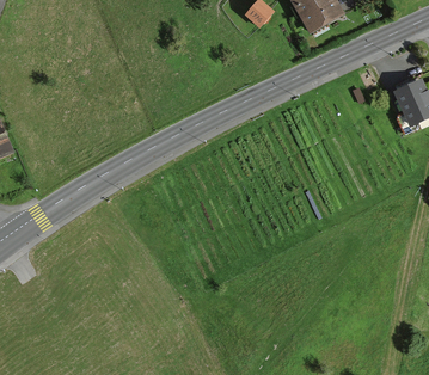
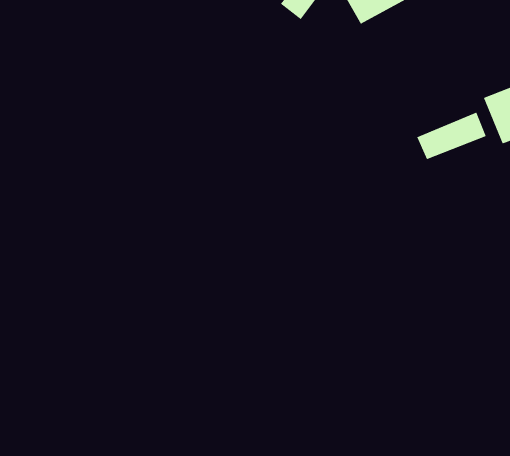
building: none -> [416,111,487,160]

